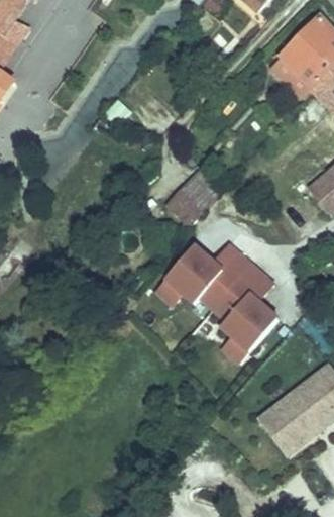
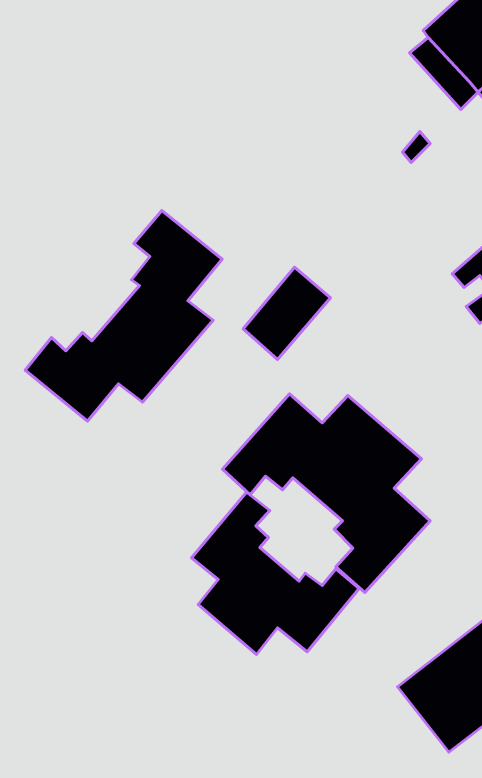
building: none -> [25,211,222,421]
building: none -> [192,492,359,654]

